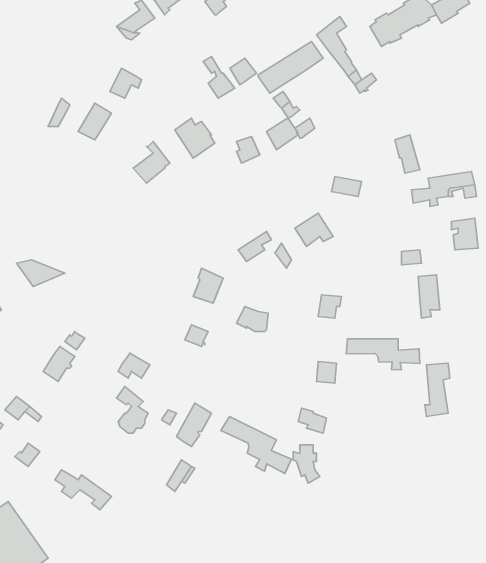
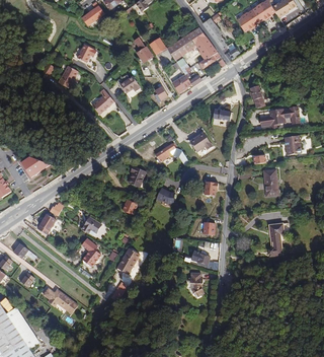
building: none -> [196,38,221,69]
building: [346,339,420,370] -> none
building: [221,416,291,474] -> none

